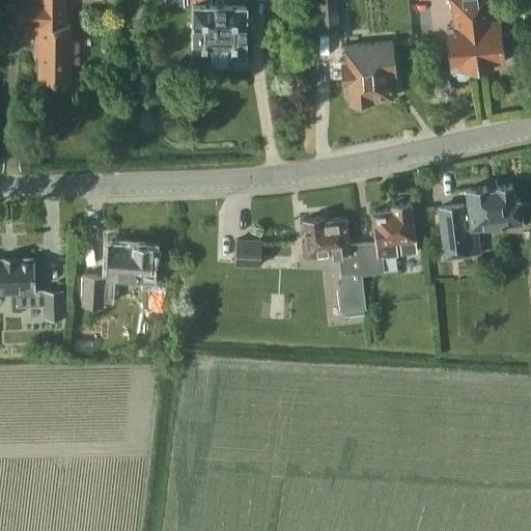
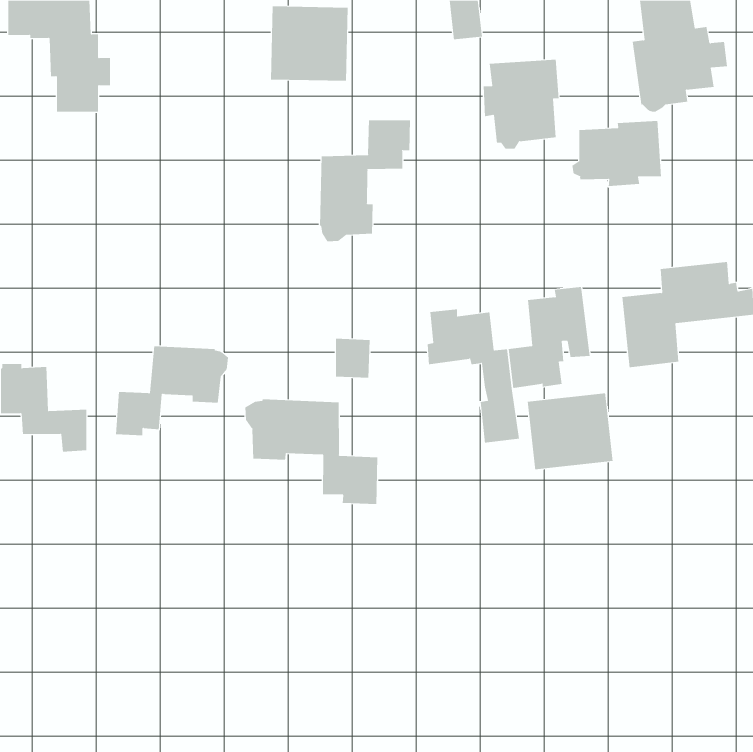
building: none -> [319,119,411,242]
building: none -> [572,120,661,187]
building: none -> [527,392,613,470]
building: none -> [245,398,378,505]

